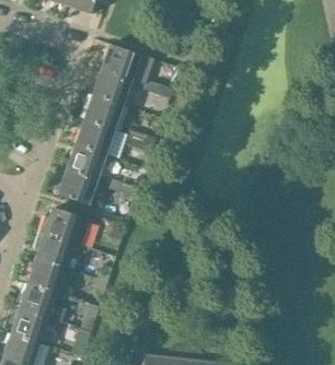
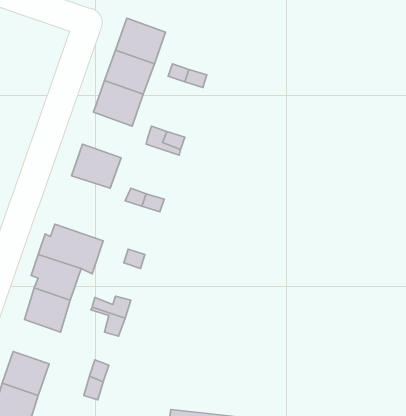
building: [76,119,115,155] -> none
building: [58,169,97,204] -> none
building: [21,283,67,322] -> none

